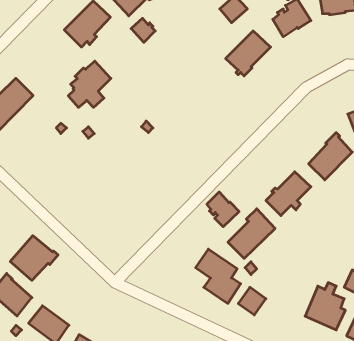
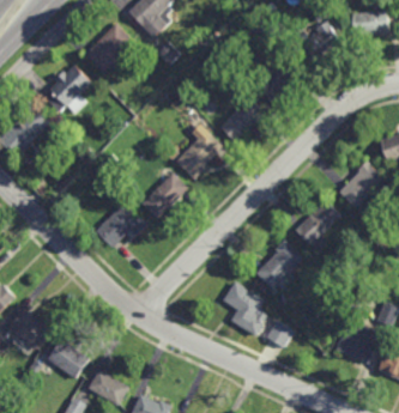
building: [68,61,111,107] -> [47,65,91,113]
building: none -> [218,98,262,142]
building: none -> [174,130,222,181]
building: none -> [140,172,187,220]
building: none -> [92,202,145,249]
building: [207,192,239,227] -> none
building: [10,236,58,280] -> none

